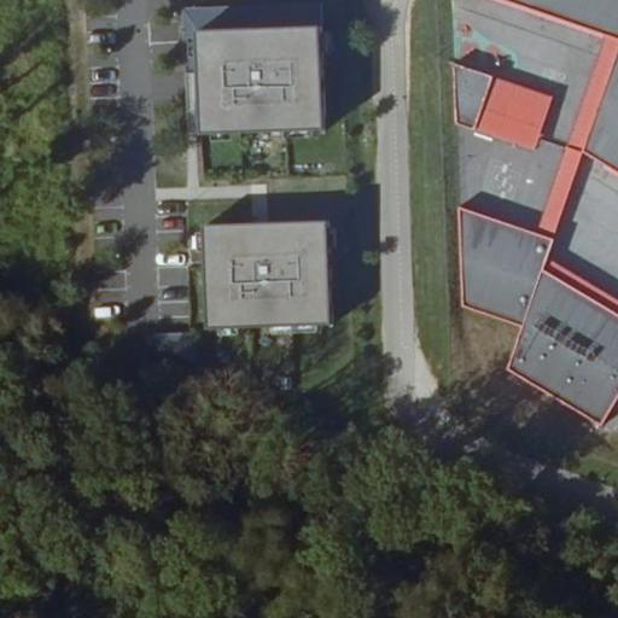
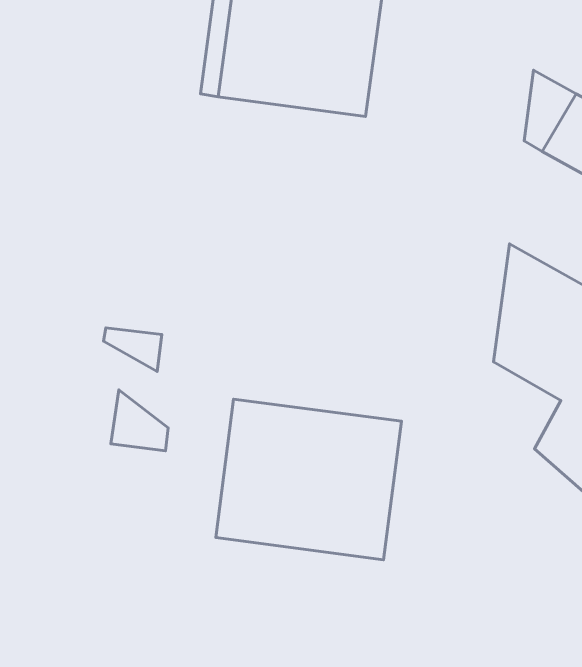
building: [208,220,333,326] -> none
building: none -> [216,399,401,560]
building: none -> [111,390,168,451]

